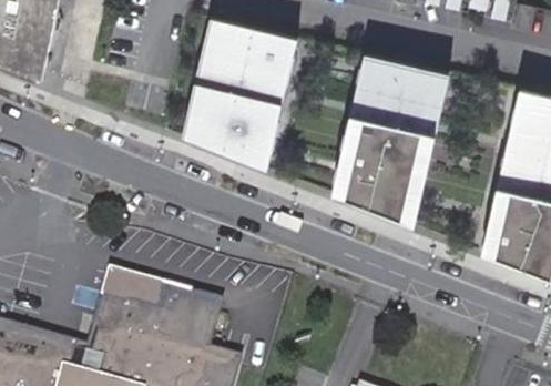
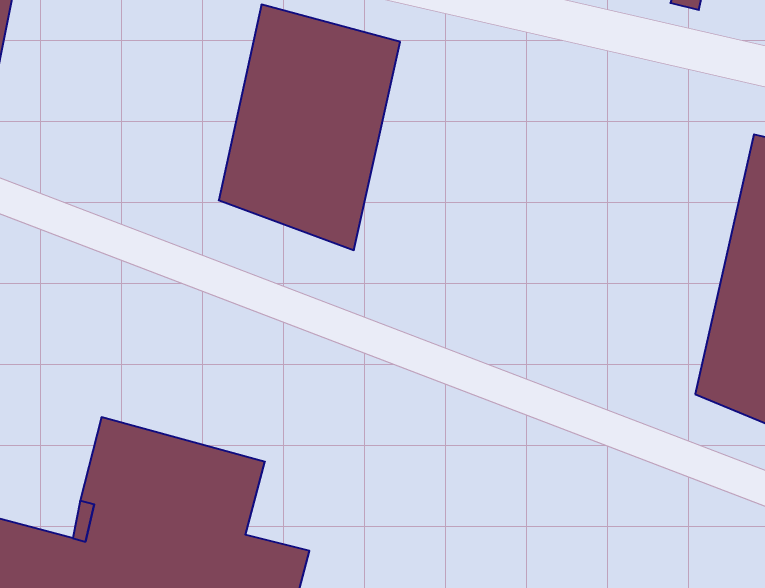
building: [337,53,455,225] -> none

